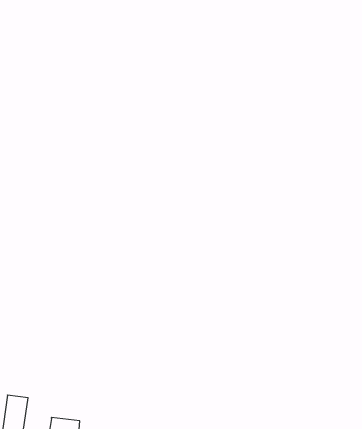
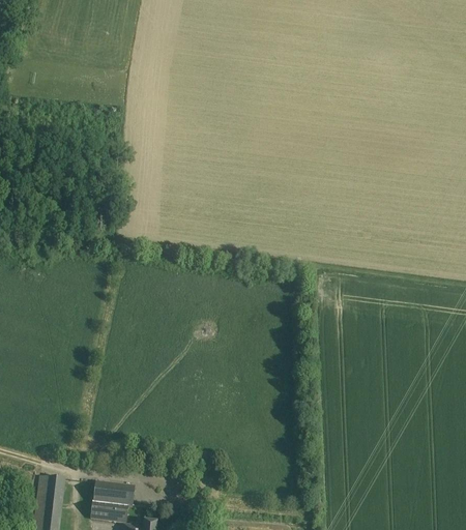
building: none -> [91,483,133,508]

